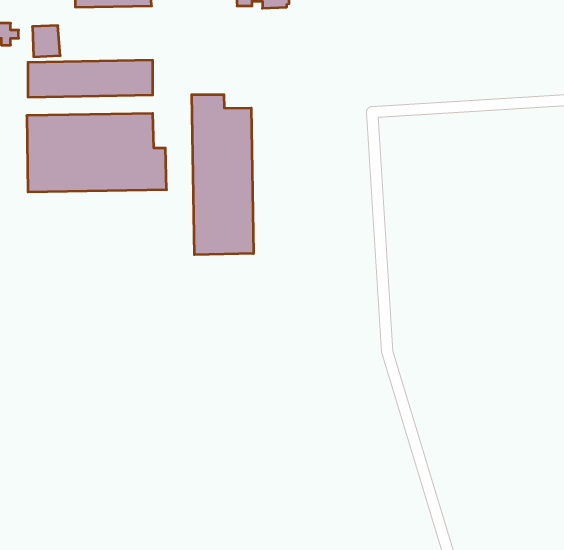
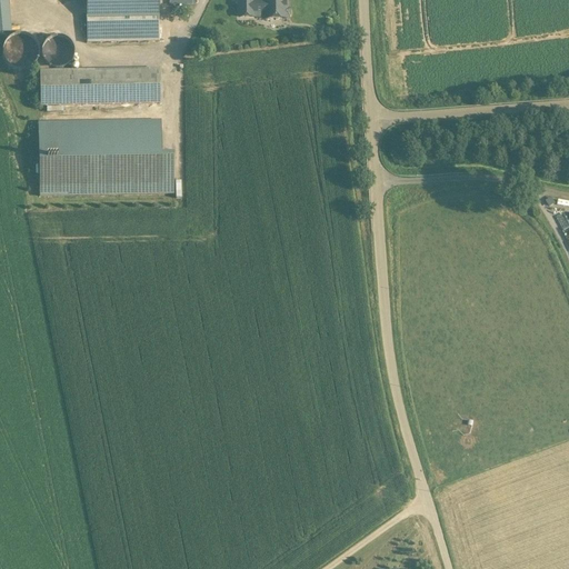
building: none -> [84,16,158,41]
building: [192,95,253,255] -> none

